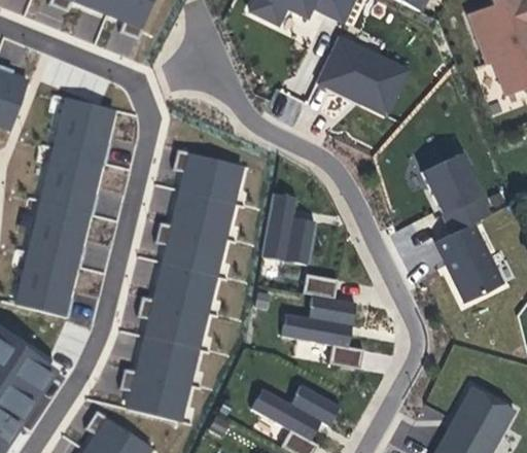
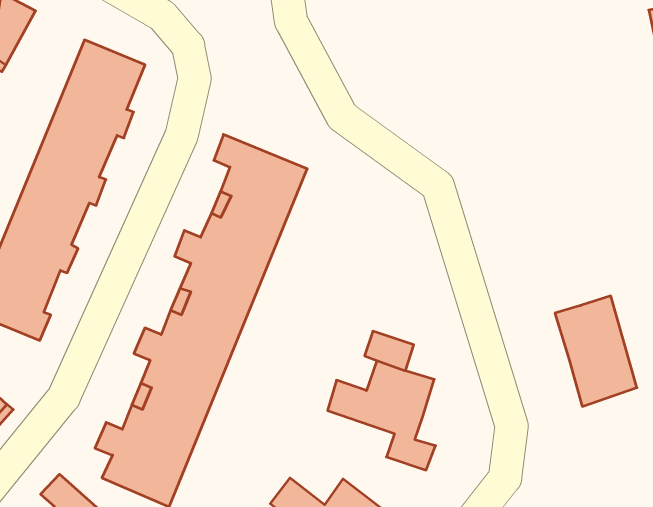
building: [316,35,409,115] -> none
building: [422,153,488,233] -> none
building: [261,193,315,264] -> none

